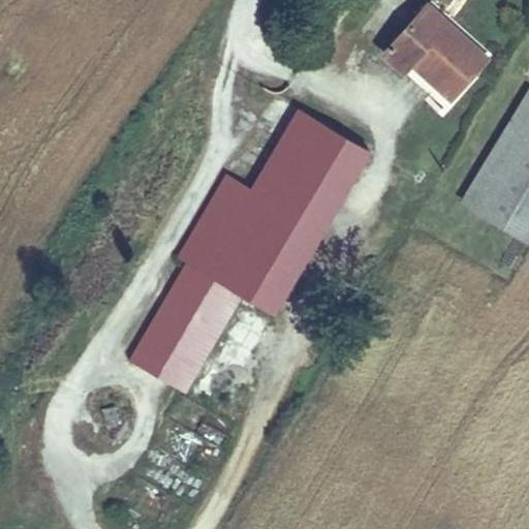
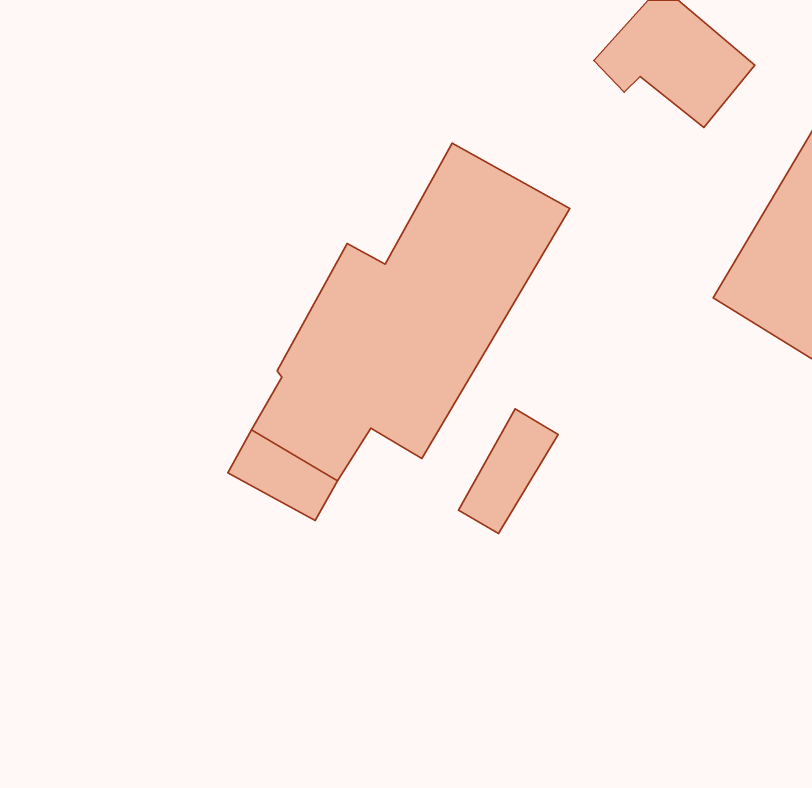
building: none -> [459,409,558,534]
building: [131,323,206,390] -> none

